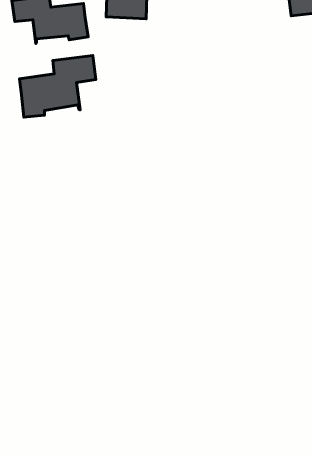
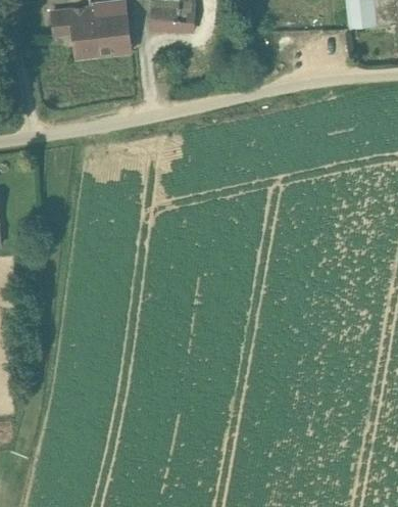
building: [20,55,96,117] -> none

